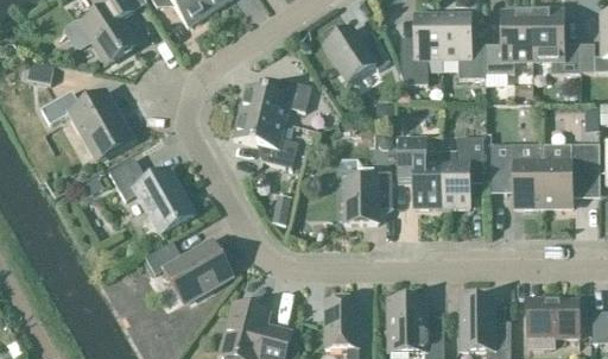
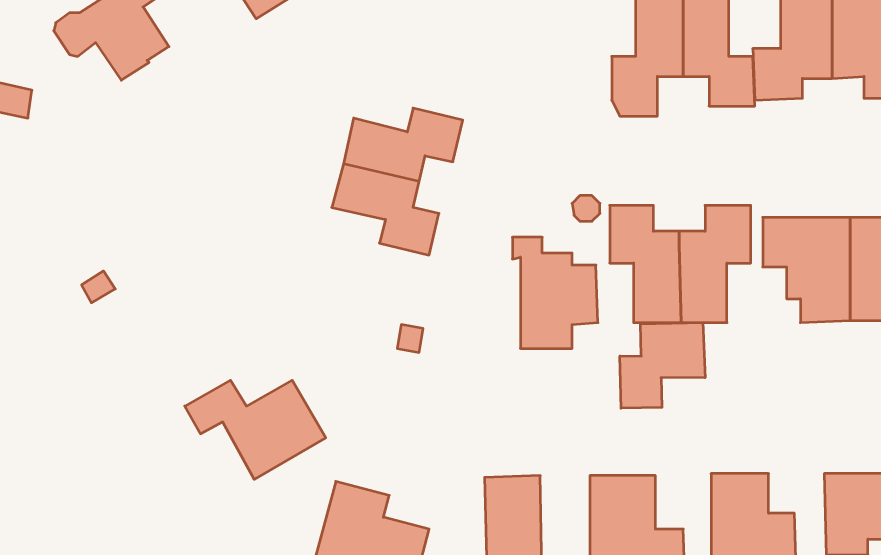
building: [324,27,390,81] -> none
building: [40,90,131,157] -> none
building: [109,157,194,232] -> none
building: none -> [620,323,705,408]

